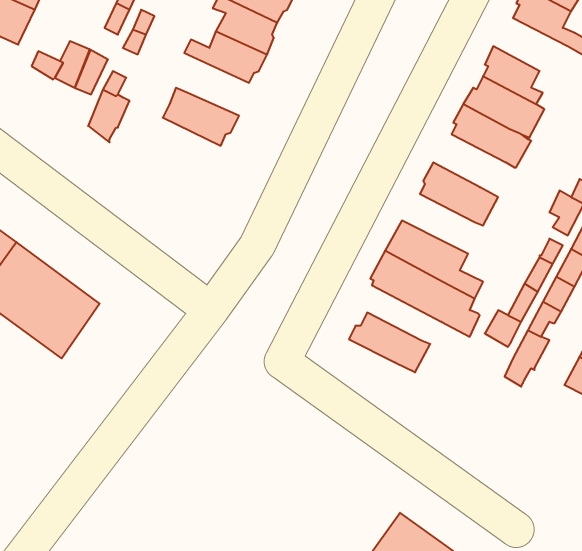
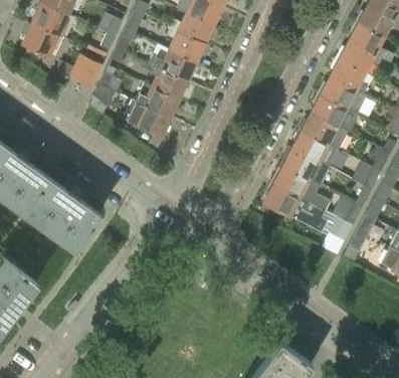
building: none -> [336,42,381,74]
building: none -> [146,63,188,102]
building: none -> [124,101,171,138]
building: none -> [300,113,349,151]
building: [349,313,430,372] -> [280,149,330,185]

